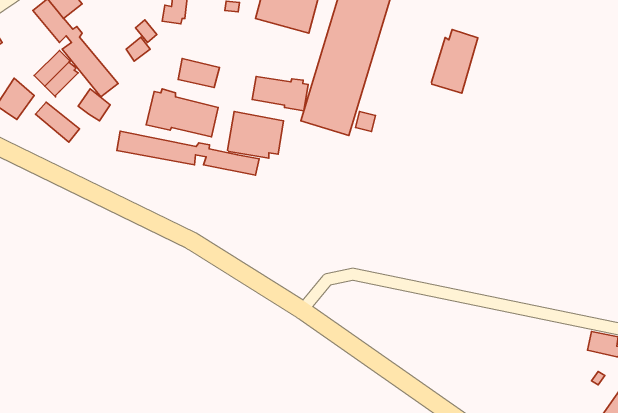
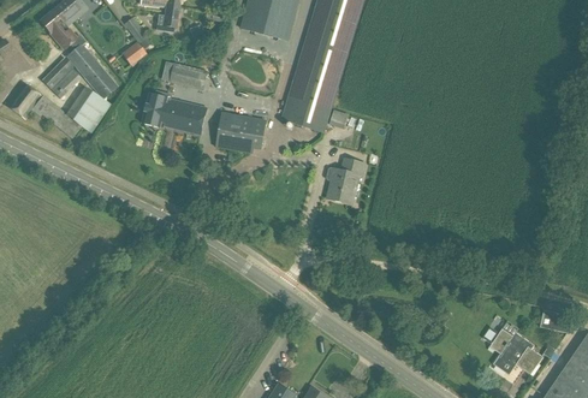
building: [432,30,478,93] -> none
building: [252,77,308,111] -> none
building: [117,131,259,175] -> none
building: none -> [327,158,363,203]
building: none -> [482,326,542,374]

